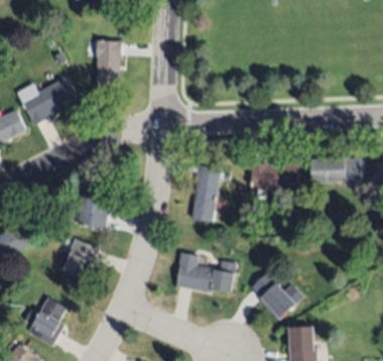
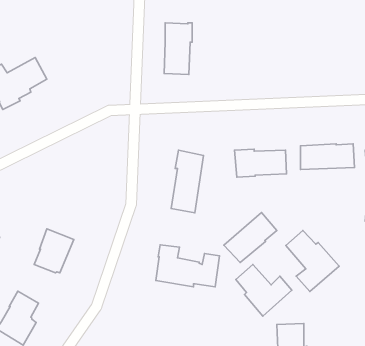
building: [95,40,121,89] -> [164,23,192,74]
building: [77,187,112,230] -> none
building: none -> [224,213,277,262]
building: none -> [286,230,339,291]

